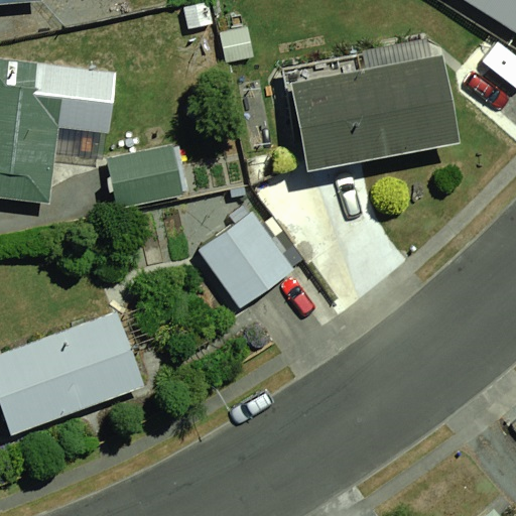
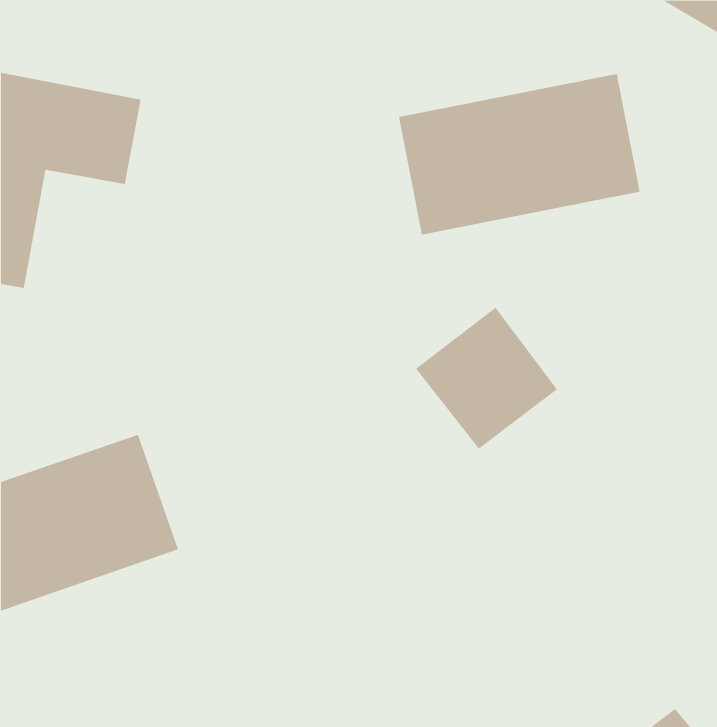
building: [84,143,176,215] -> none
building: [196,210,295,309] -> [415,307,558,450]

